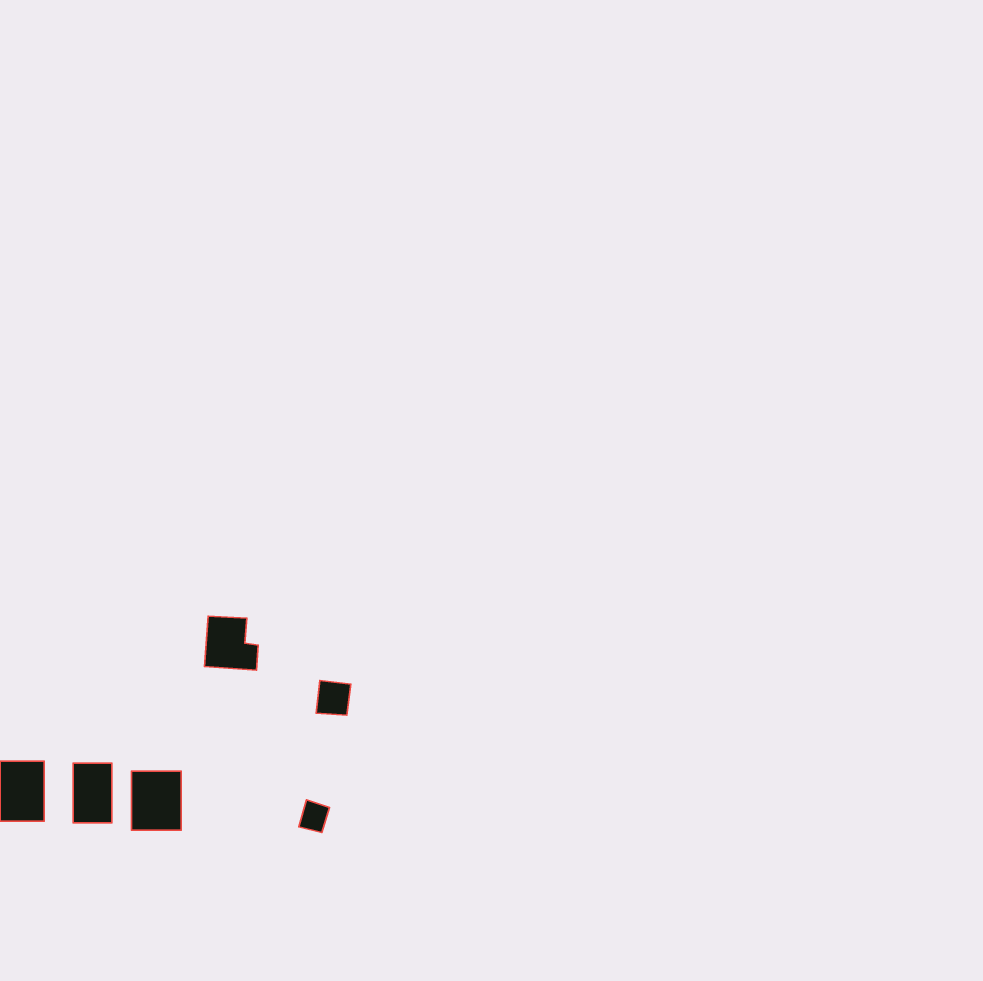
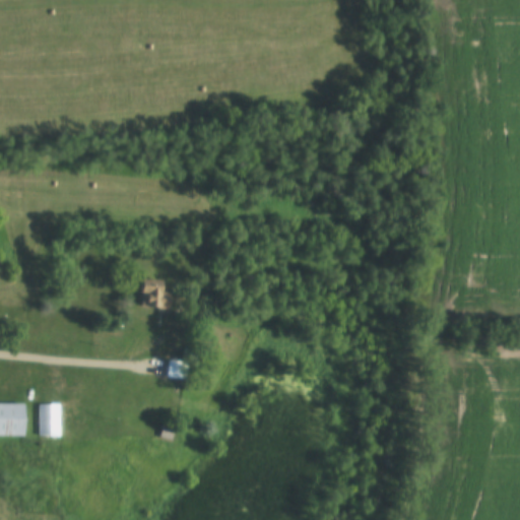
building: [204,616,258,670] -> [142,278,171,307]
building: [131,771,181,830] -> none

